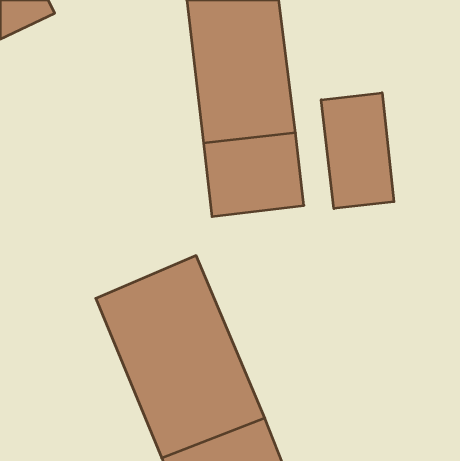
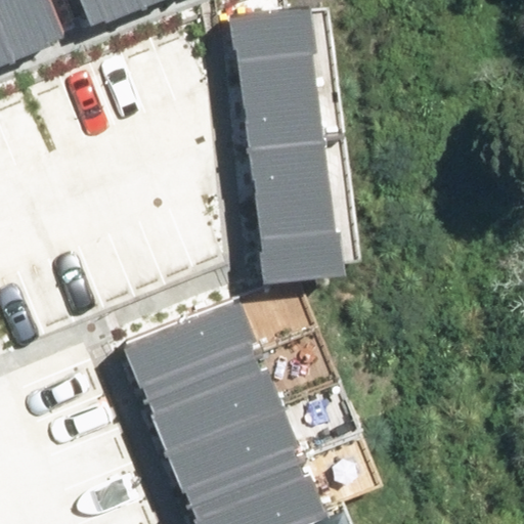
building: [321,93,394,209] -> none

